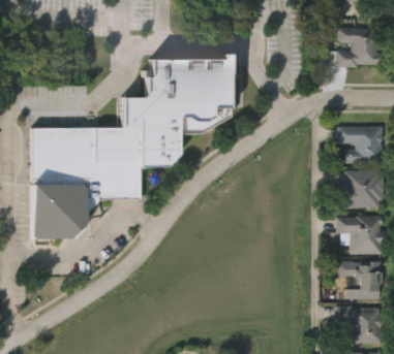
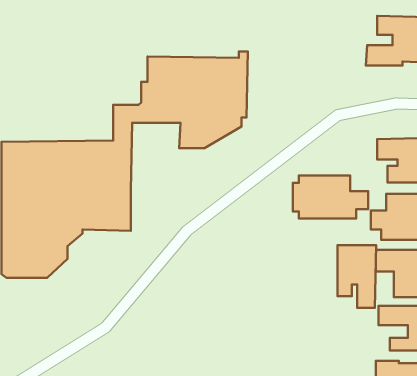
building: [139,112,179,168] -> none
building: none -> [293,176,368,219]
building: none -> [337,245,376,308]

